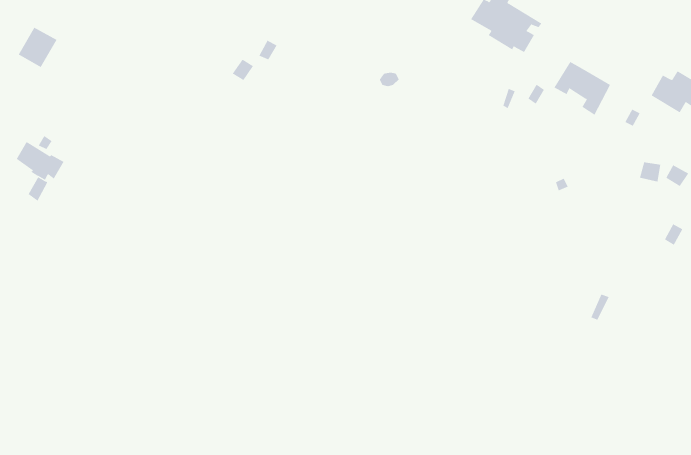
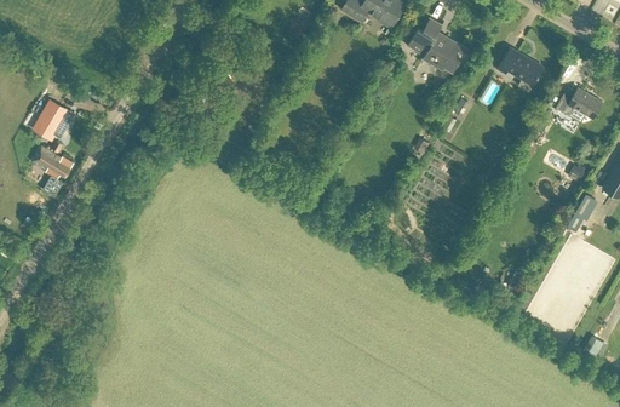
building: [18,27,57,68] -> [38,98,70,132]
building: [554,61,611,116] -> [496,46,544,91]

